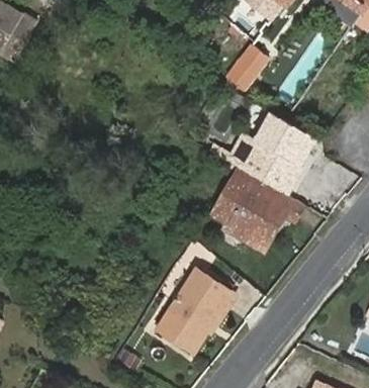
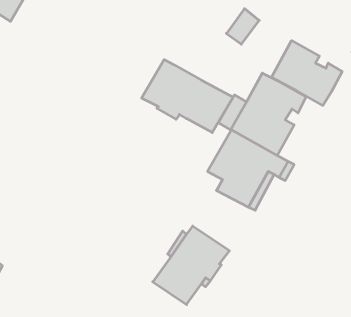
building: none -> [271,41,342,105]
building: none -> [142,60,233,133]

